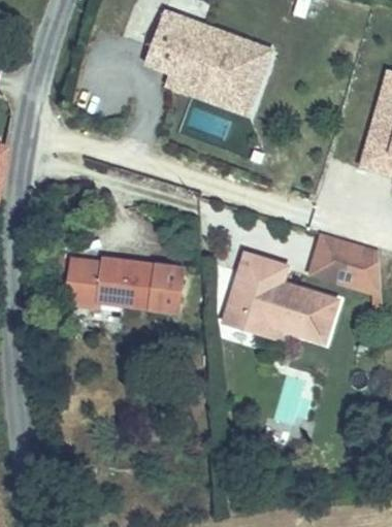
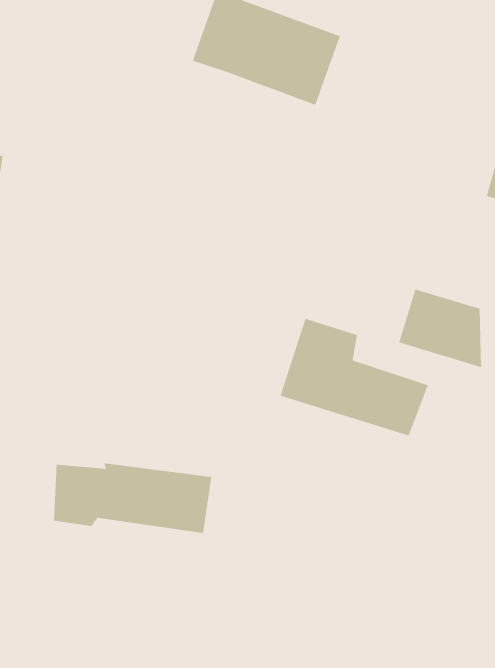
building: [170,44,275,113] -> none
building: [53,262,170,315] -> [53,463,212,534]

